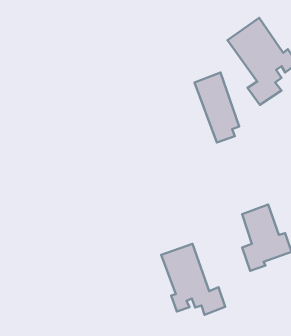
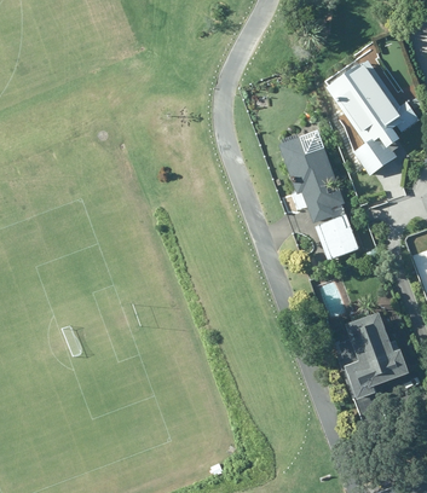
building: none -> [316,214,360,259]
building: [161,244,225,315] -> none

